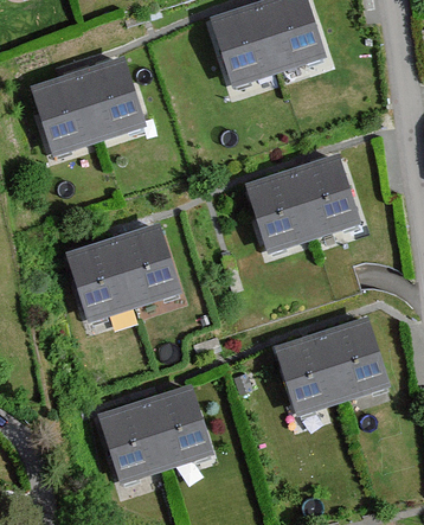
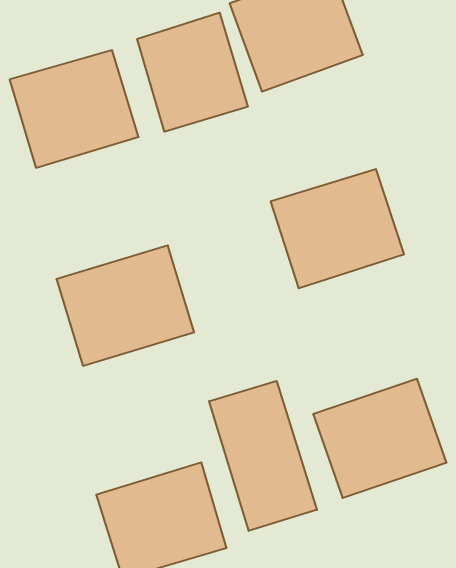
building: none -> [137,13,248,132]
building: none -> [209,381,317,531]

